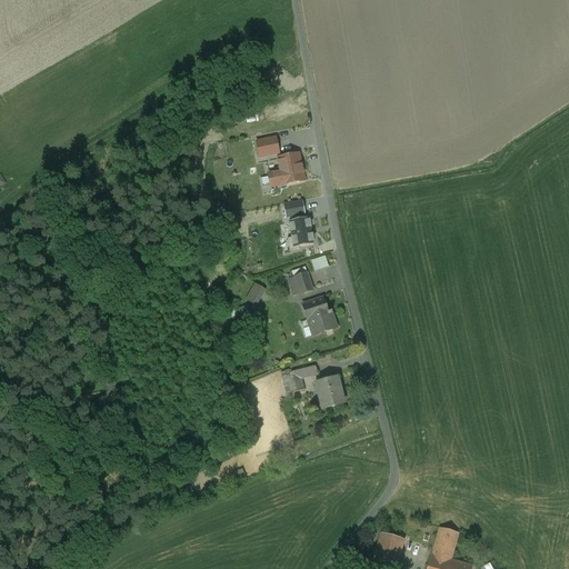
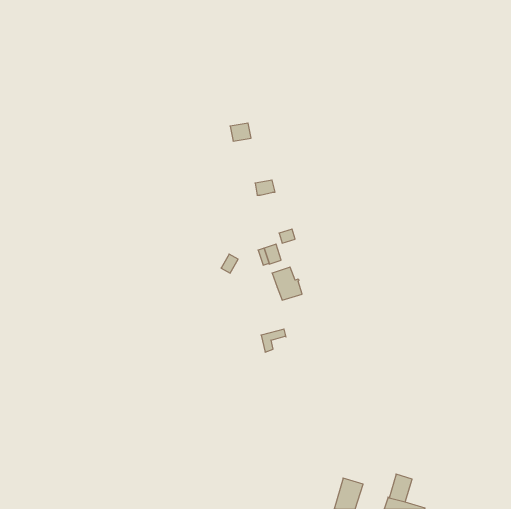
building: [268,153,302,184] -> none
building: [287,213,313,250] -> none
building: [316,376,343,408] -> none

